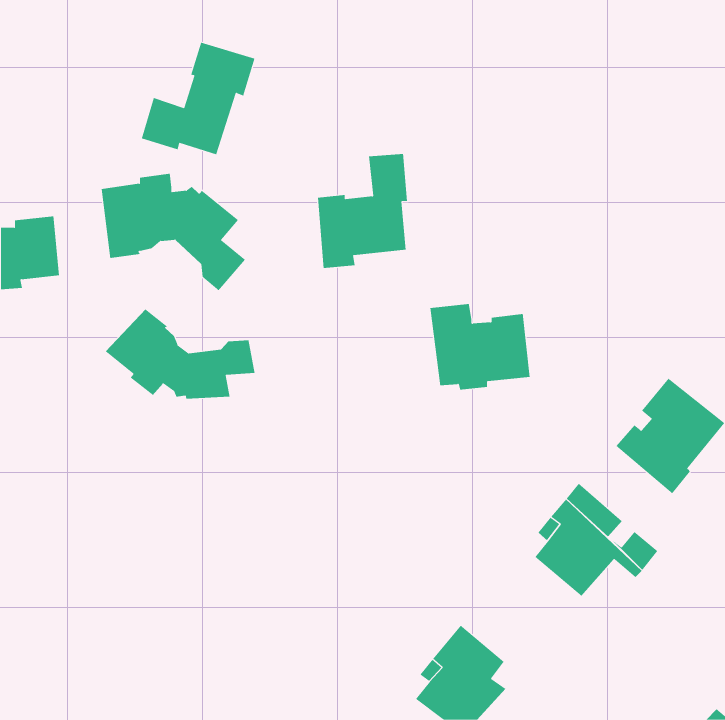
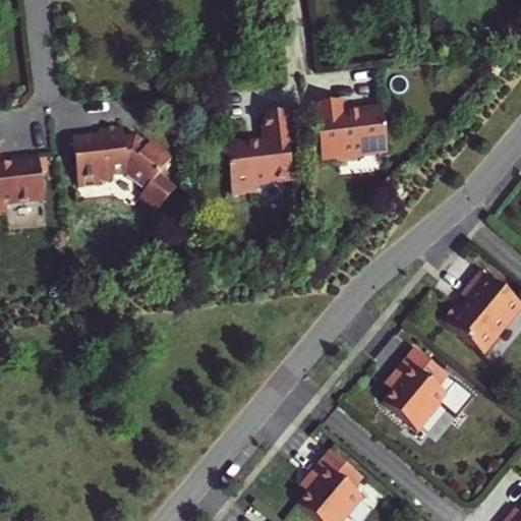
building: [141,42,255,155] -> none
building: [430,303,531,390] -> [315,98,388,160]
building: [105,309,255,399] -> none

